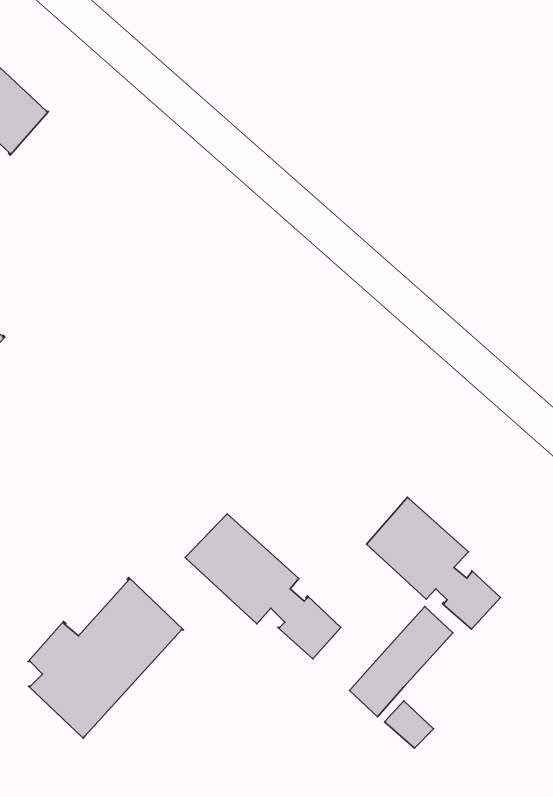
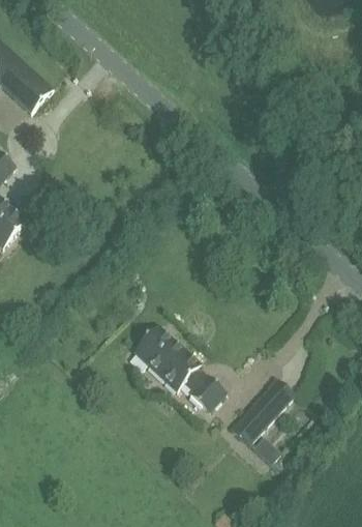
building: [367,497,501,629] -> none
building: [28,578,184,738] -> none

